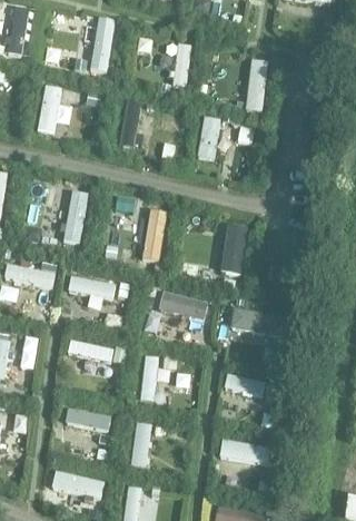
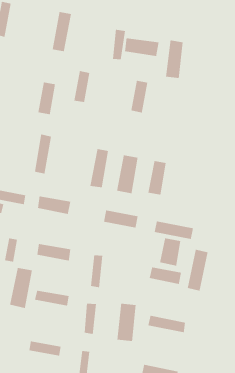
building: none -> [125,37,159,57]
building: [39,85,65,130] -> [37,82,56,115]
building: none -> [116,154,138,194]
building: none -> [159,237,181,267]
building: none -> [187,249,208,291]
building: none -> [10,267,33,309]
building: none -> [117,303,136,342]

